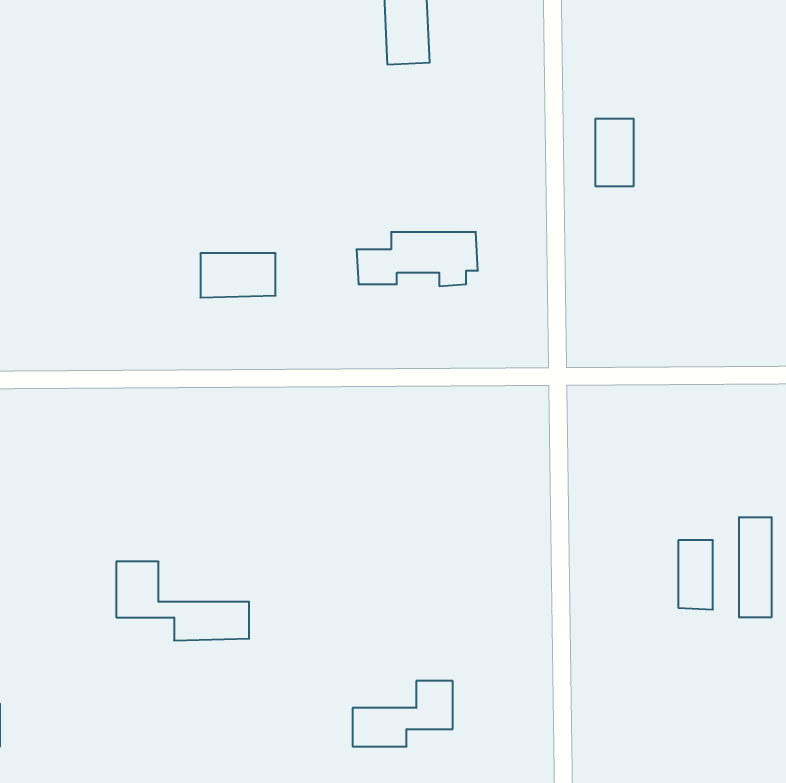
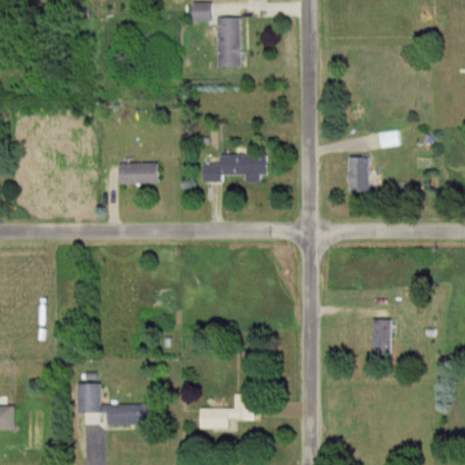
building: [595,119,634,186] -> [350,158,370,194]
building: [739,517,771,617] -> none
building: [116,562,249,641] -> [78,382,148,424]

